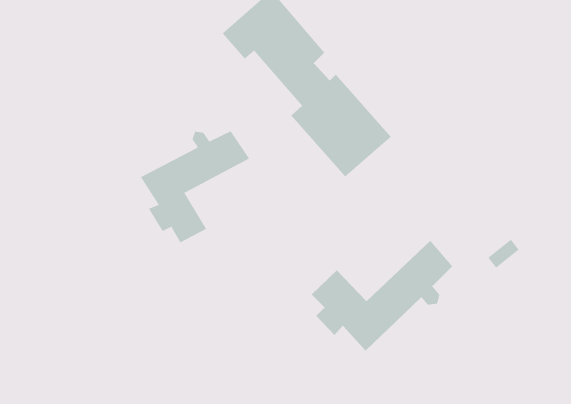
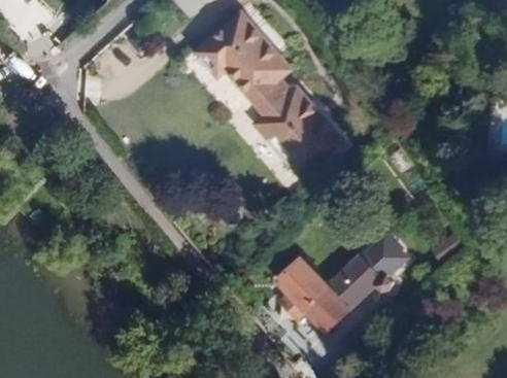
building: [140,131,250,243] -> none

